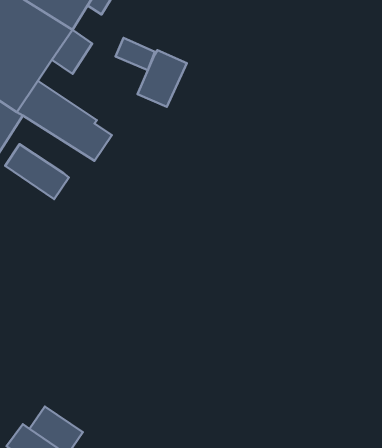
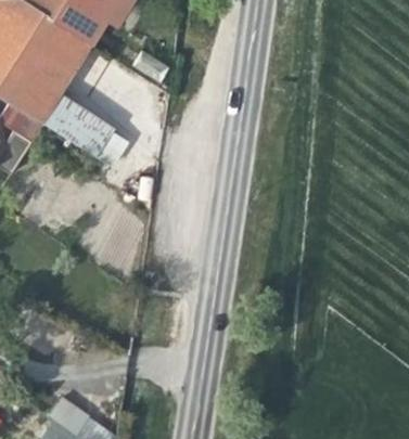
building: [138,50,187,107] -> none
building: [5,144,69,199] -> none

